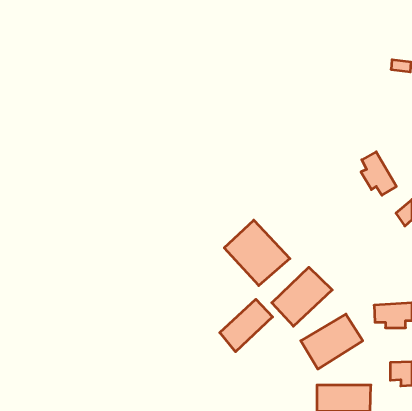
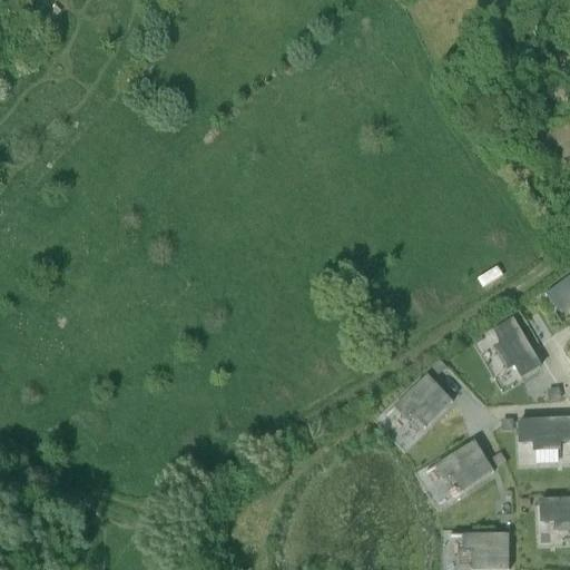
building: [361,152,396,195] -> [492,320,541,380]
building: [224,220,290,286] -> none
building: [220,299,273,352] -> none

